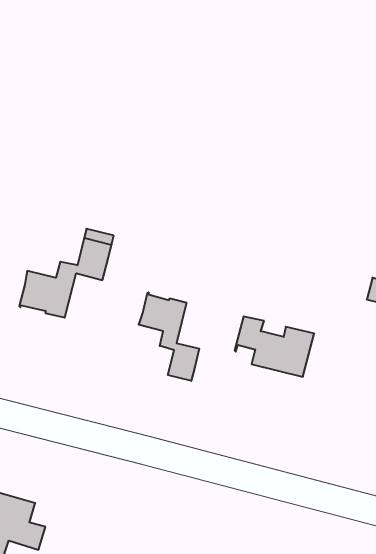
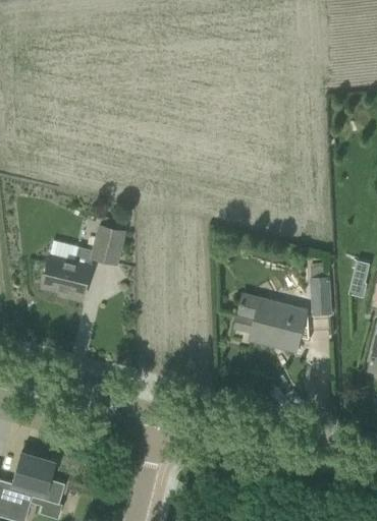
building: none -> [311,264,330,316]
building: [139,292,199,381] -> none

